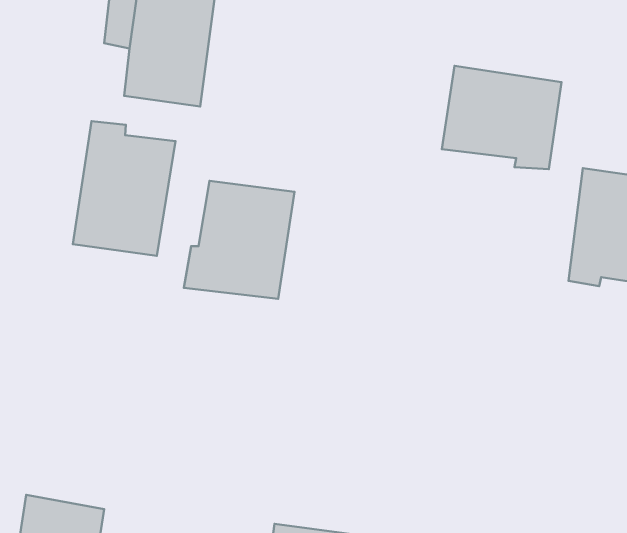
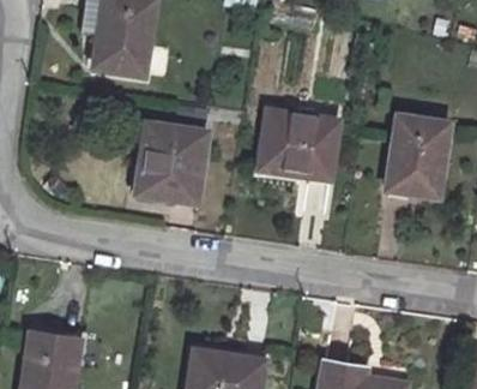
building: [442,66,562,169] -> [259,110,338,179]
building: [73,121,175,256] -> none

